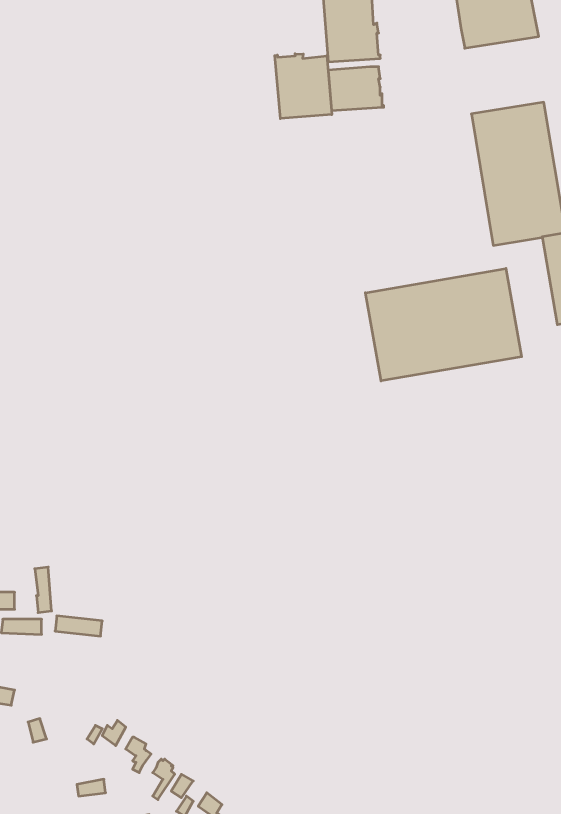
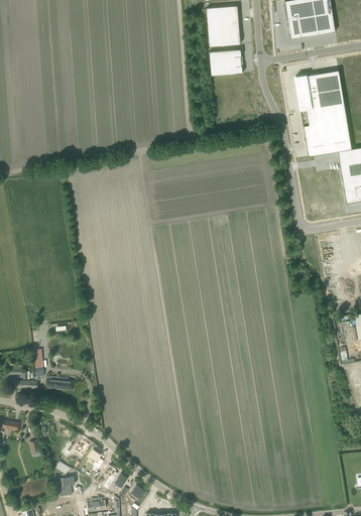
building: [275,54,332,119] -> none
building: [365,268,522,381] -> none

